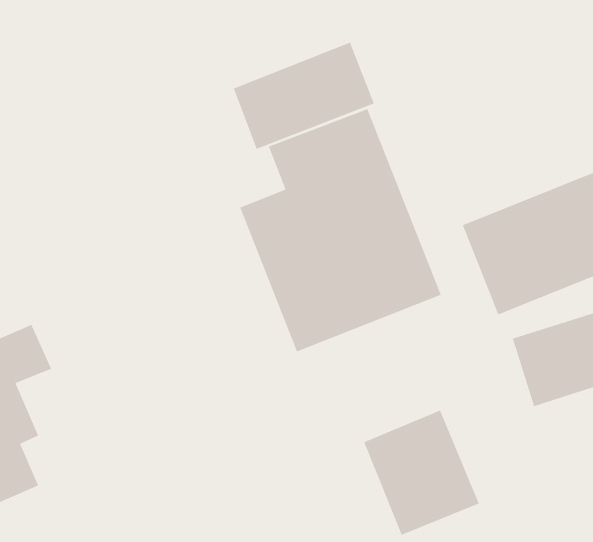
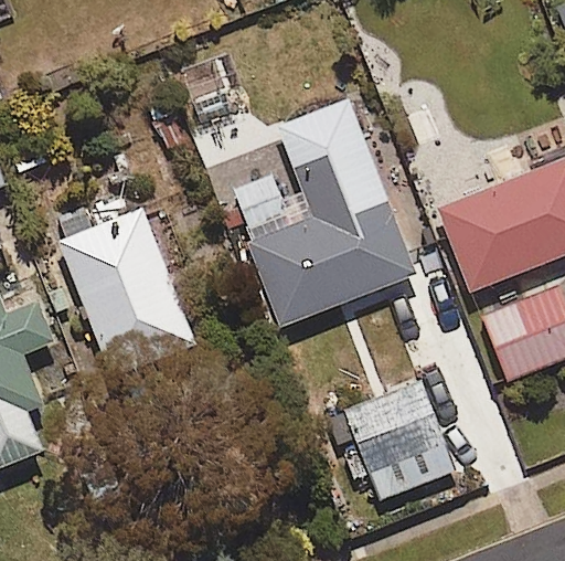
building: [233,42,375,150] -> none
building: none -> [60,210,195,378]

